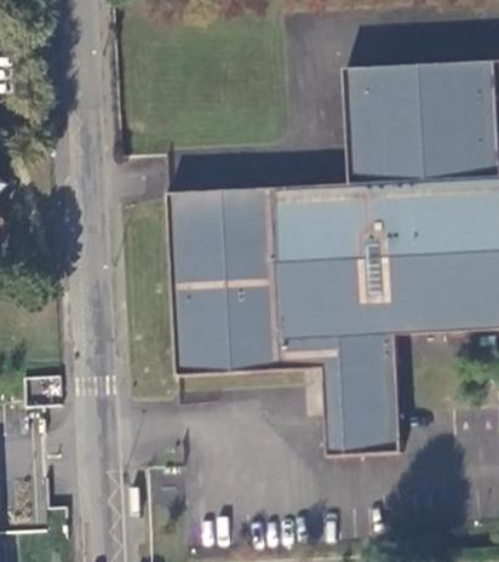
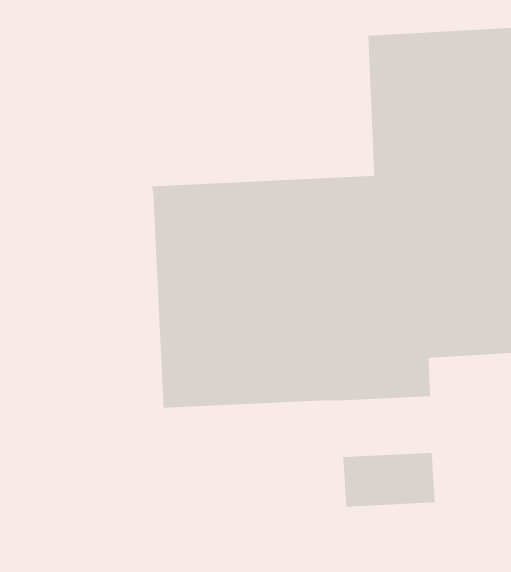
building: [321,365,397,414] -> none

